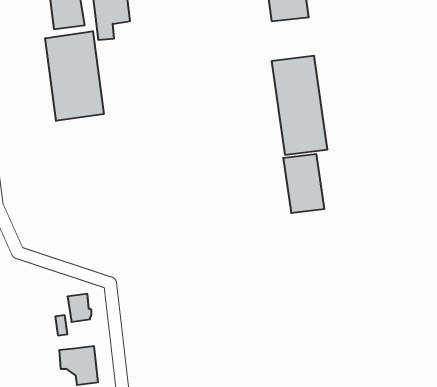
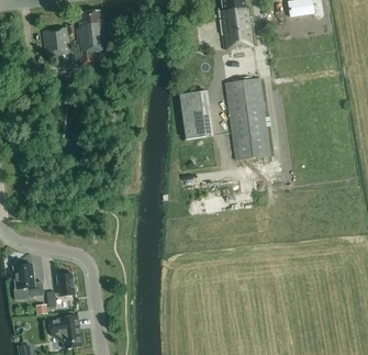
building: [45,31,104,121] -> none
building: [283,154,324,213] -> [179,90,213,138]
building: none -> [14,264,43,297]

